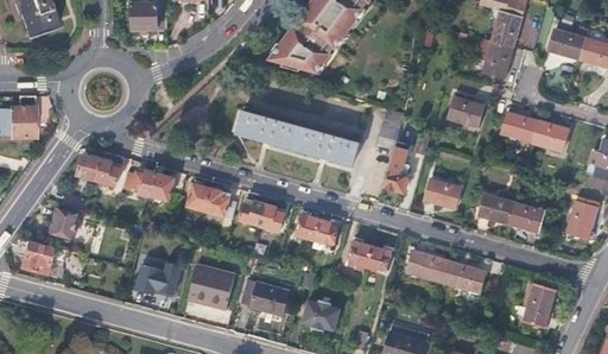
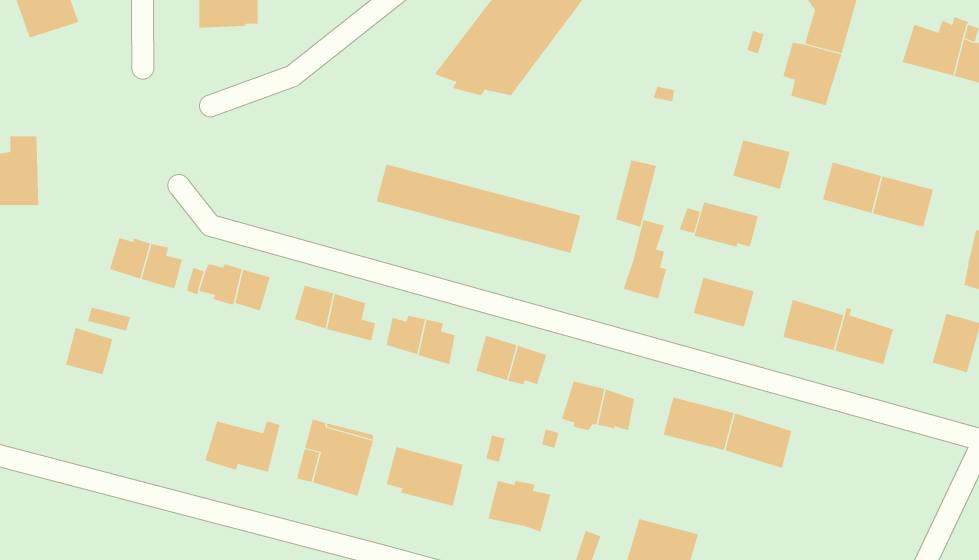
building: none -> [694,201,758,248]
building: [24,241,70,273] -> none
building: [522,284,555,325] -> none

